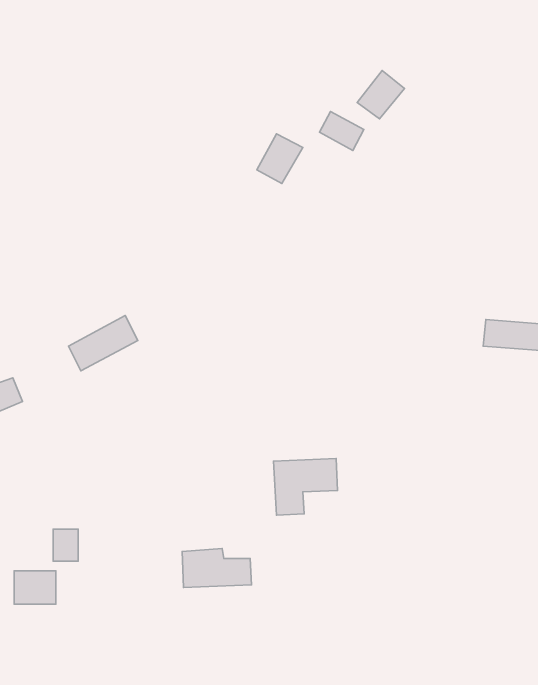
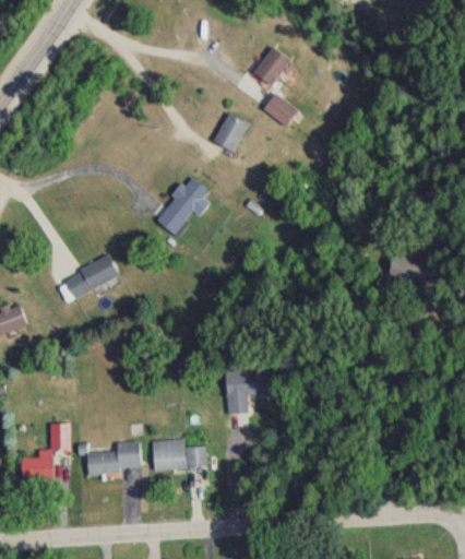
building: [357,70,404,119] -> [251,47,288,85]
building: none -> [154,177,208,235]
building: none -> [87,442,141,475]

